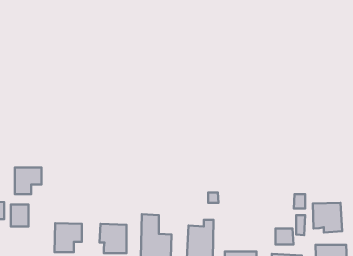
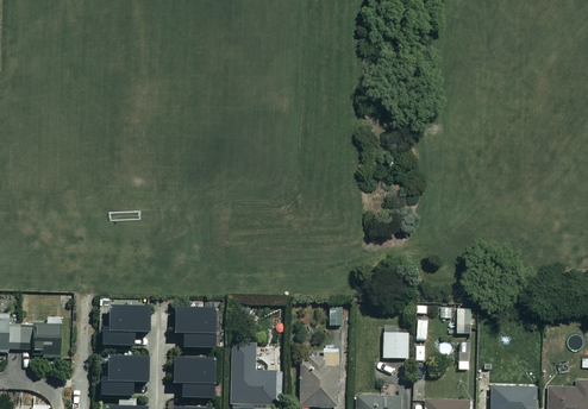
building: [15,168,42,194] -> [107,307,146,346]
building: none -> [173,308,214,347]
building: [313,203,342,233] -> none
building: [276,228,293,245] -> [384,334,411,358]

